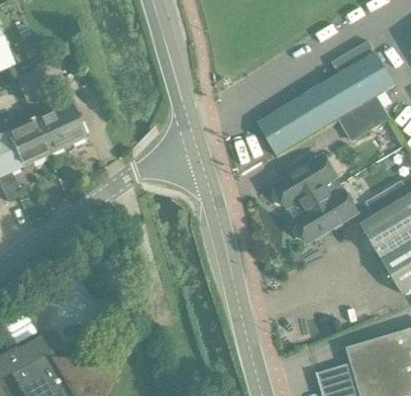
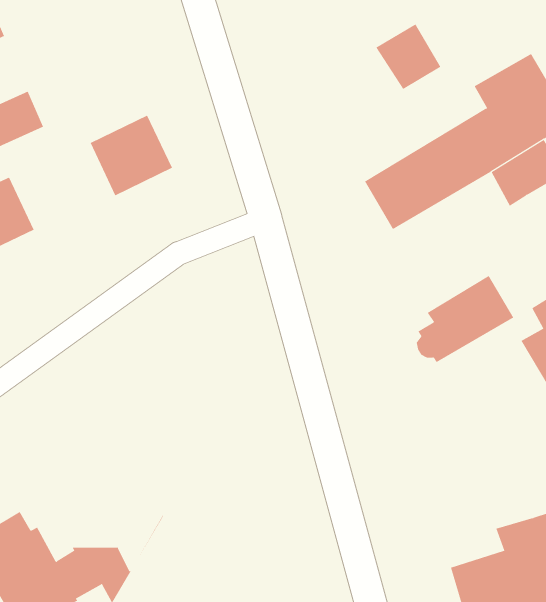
building: none -> [375,24,441,90]
building: [31,102,85,155] -> [90,115,173,196]
building: [274,156,341,208] -> none

